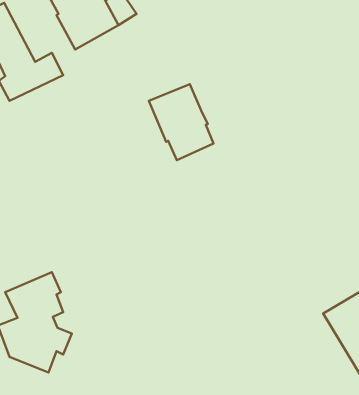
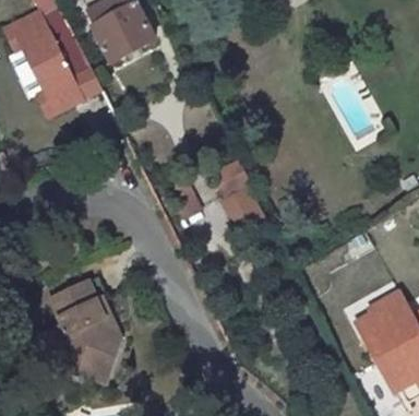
building: [149,84,214,160] -> none
building: none -> [215,175,258,216]

